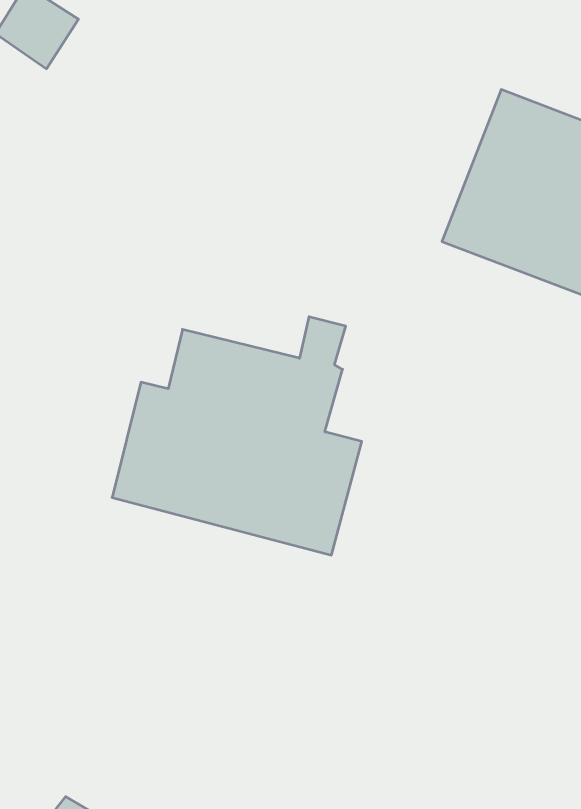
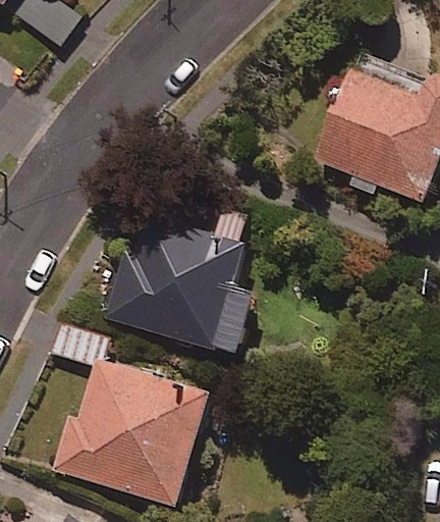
building: none -> [53,361,207,503]

